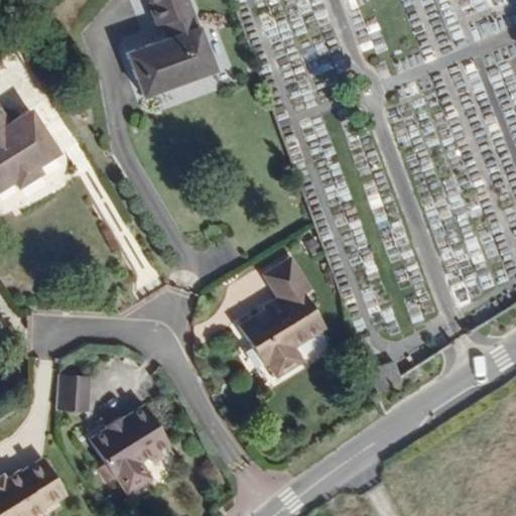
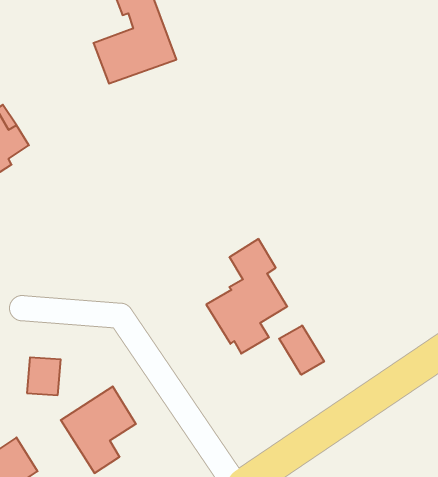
building: none -> [279,325,324,375]

